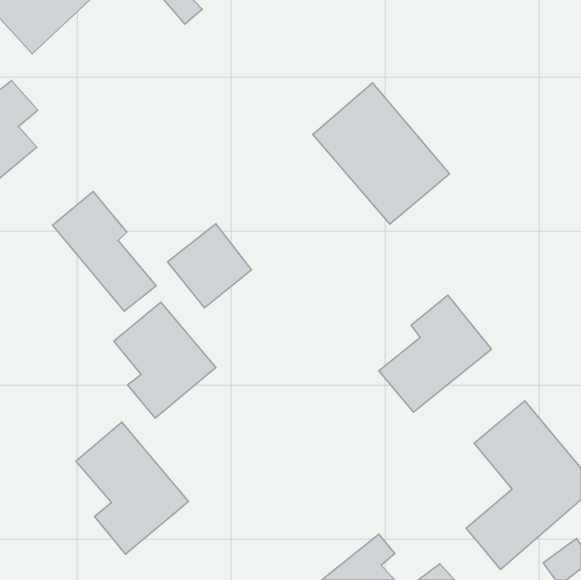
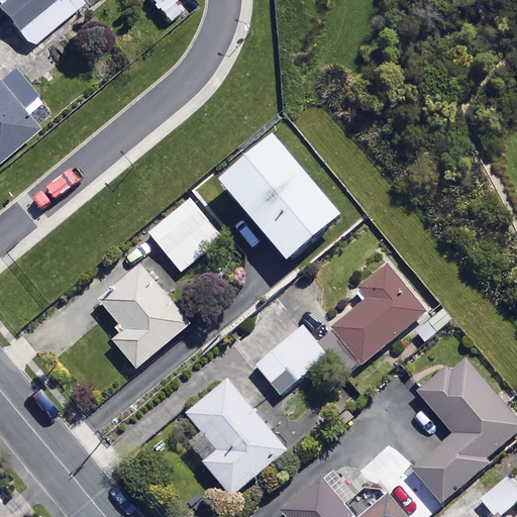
building: [313,83,450,224] -> [224,140,344,265]
building: [53,191,156,311] -> none
building: none -> [255,326,326,382]
building: [76,422,189,554] -> [187,379,286,495]

